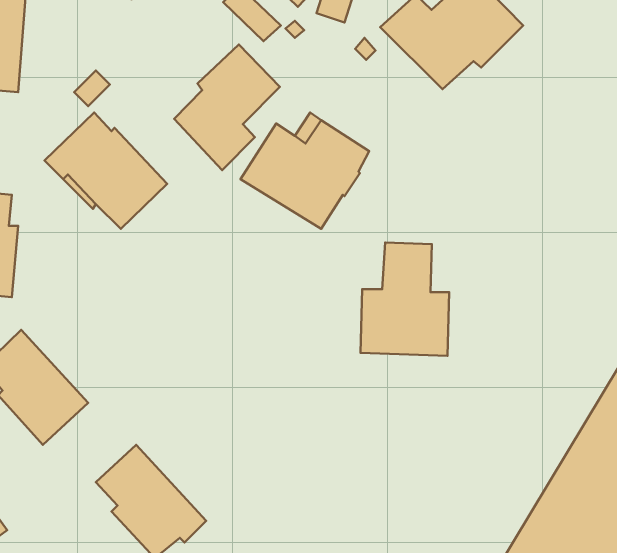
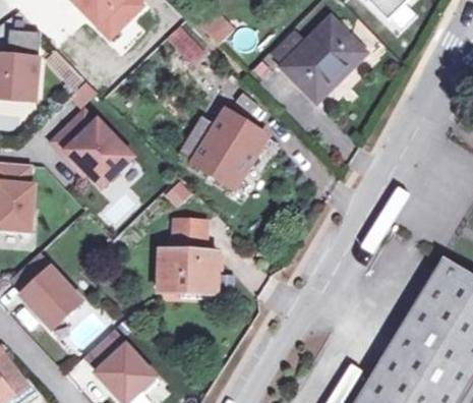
building: [174,44,280,170] -> none
building: [360,243,449,356] -> [161,221,219,295]

